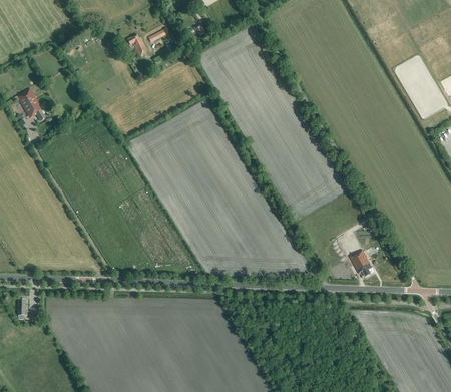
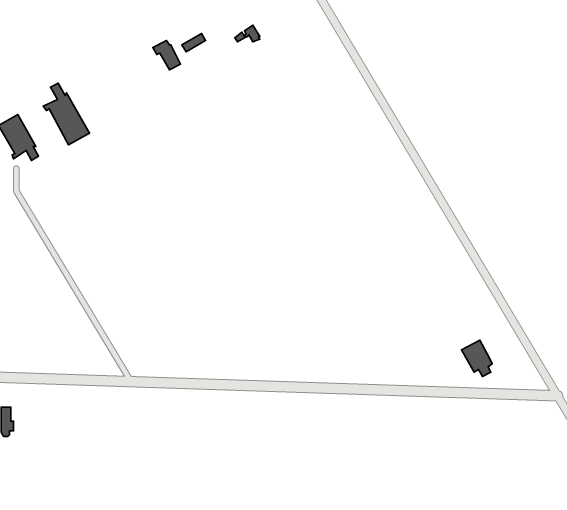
building: none -> [43,83,89,145]

